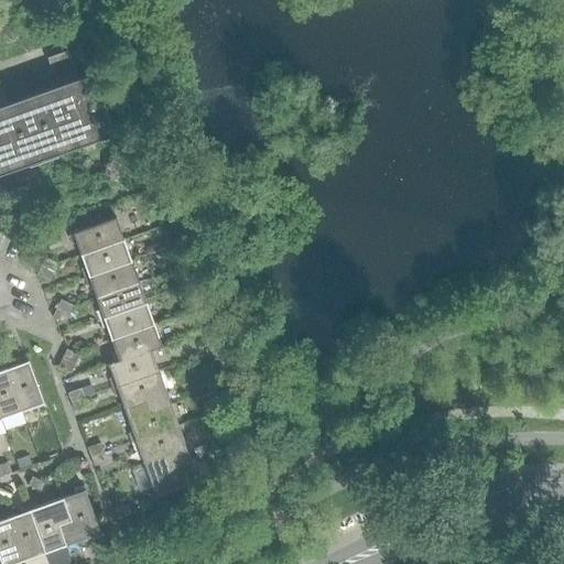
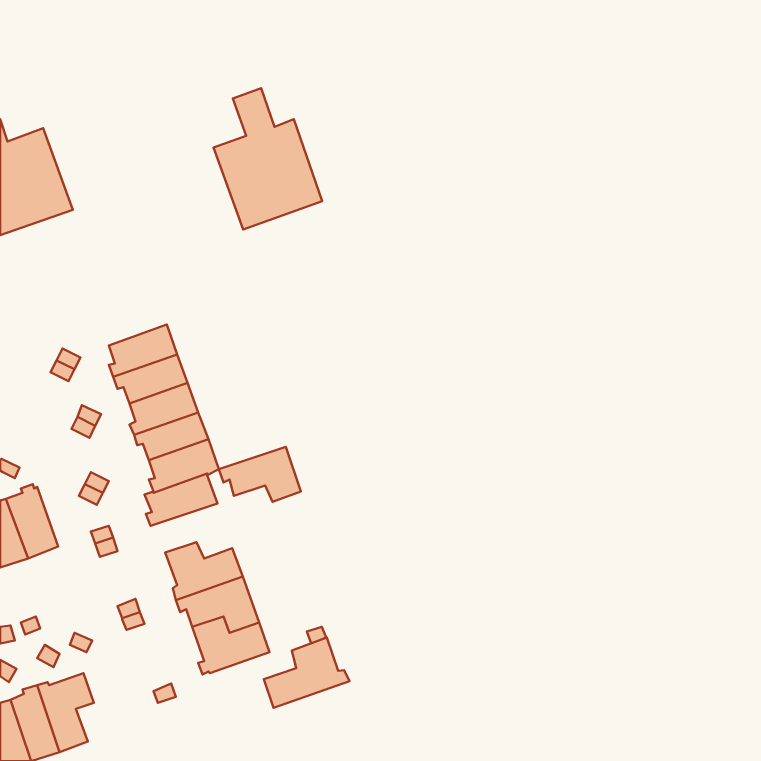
building: [32,51,112,155] -> [213,88,322,230]
building: [68,218,123,256] -> none
building: [111,372,172,413] -> [219,447,301,502]
building: none -> [264,638,349,708]
building: [56,487,100,549] -> none

